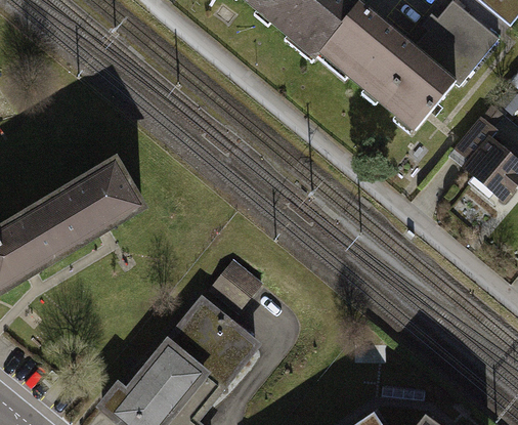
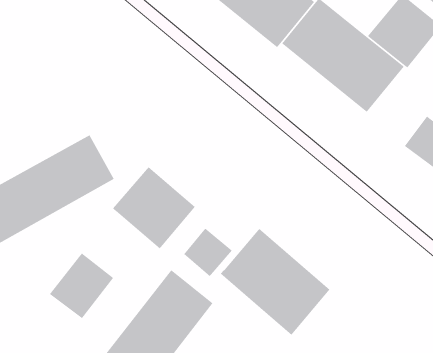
building: none -> [112,166,196,250]
building: none -> [220,228,331,336]
building: none -> [49,253,114,319]

